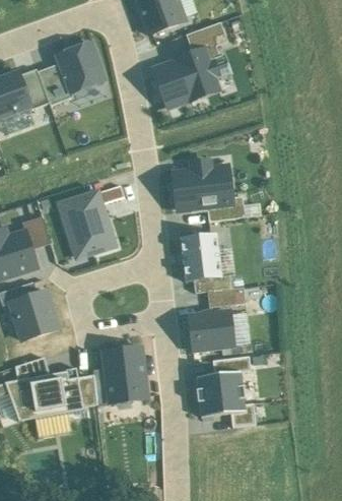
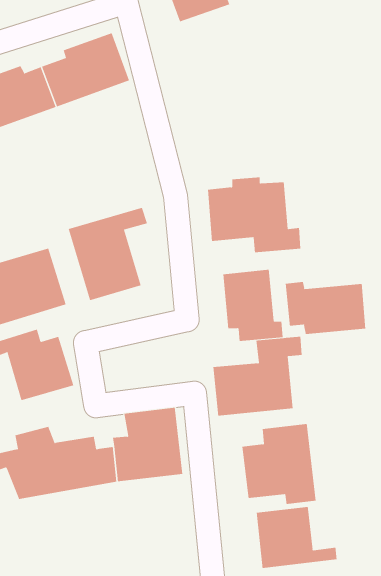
building: [146,22,224,110] -> none
building: none -> [285,281,366,335]
building: none -> [256,506,337,569]

